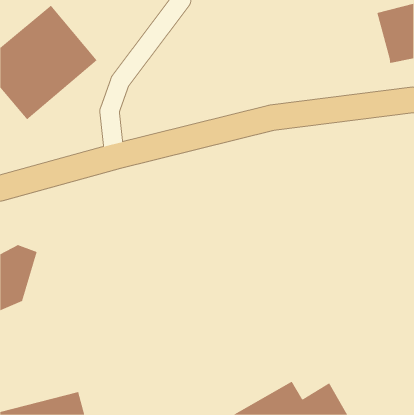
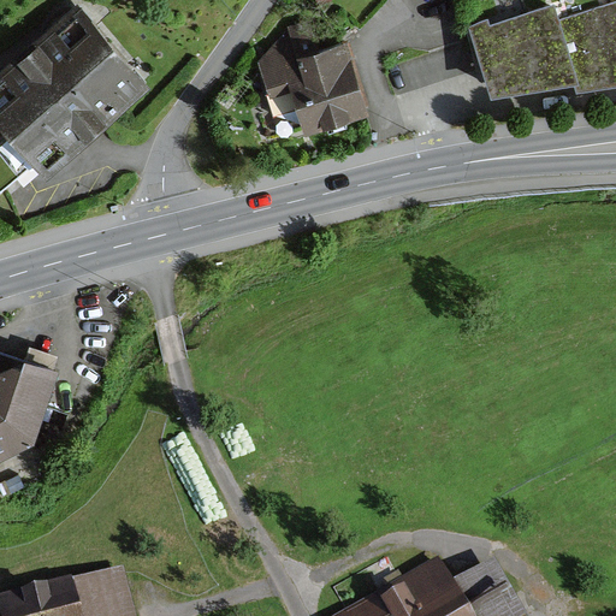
building: none -> [472,10,576,99]
building: none -> [257,24,368,135]

